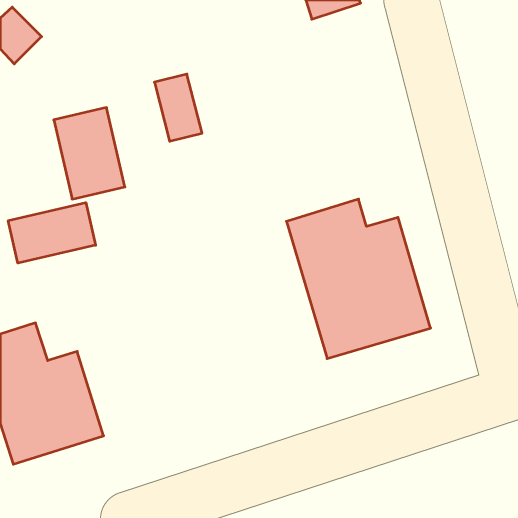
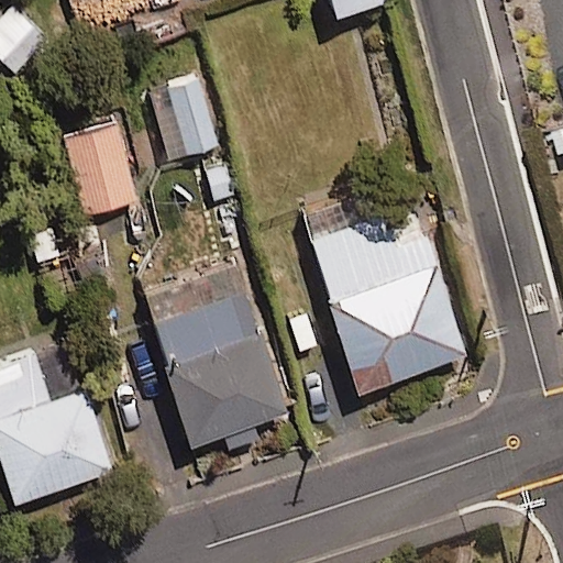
building: [8,203,96,263] -> none
building: none -> [141,271,285,452]

